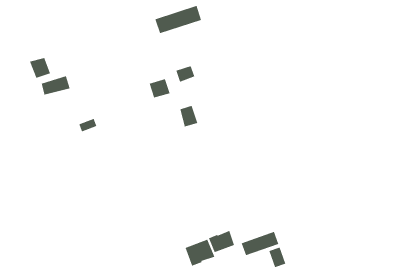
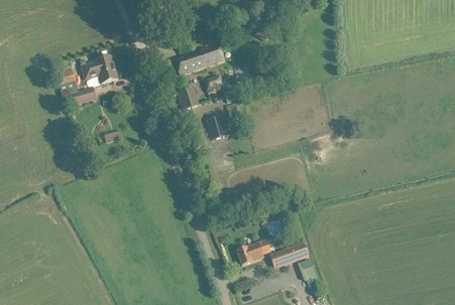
building: [154,5,202,34] -> [175,43,223,72]
building: none -> [81,54,118,83]
building: [185,239,215,266] -> none

